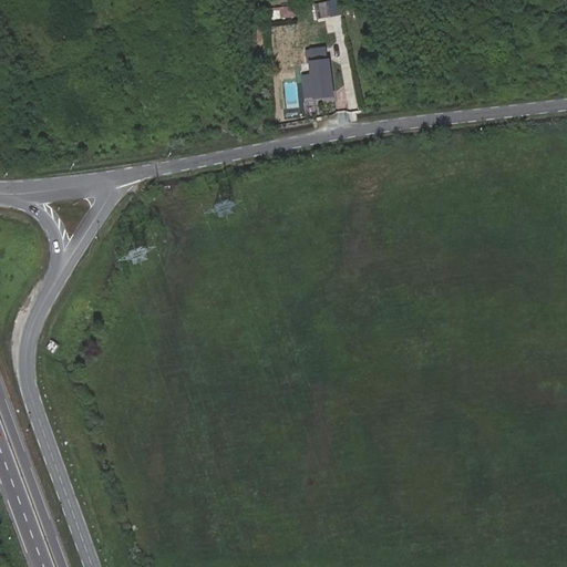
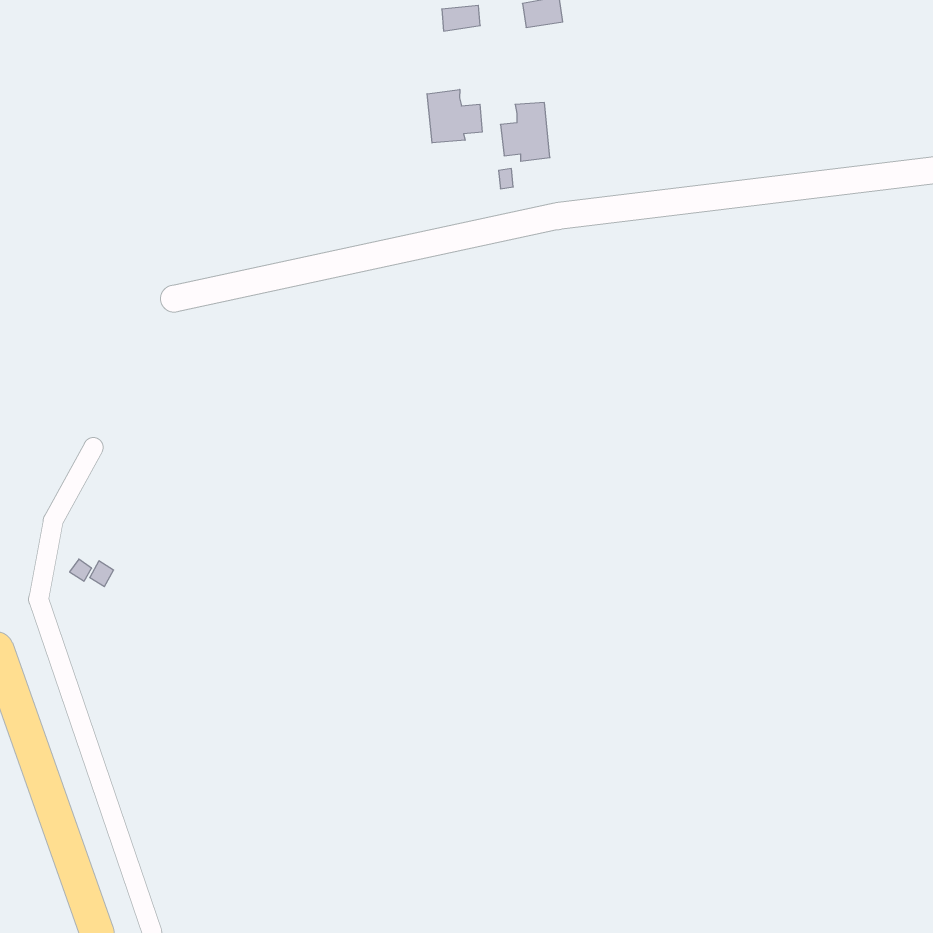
building: none -> [427,89,482,143]

